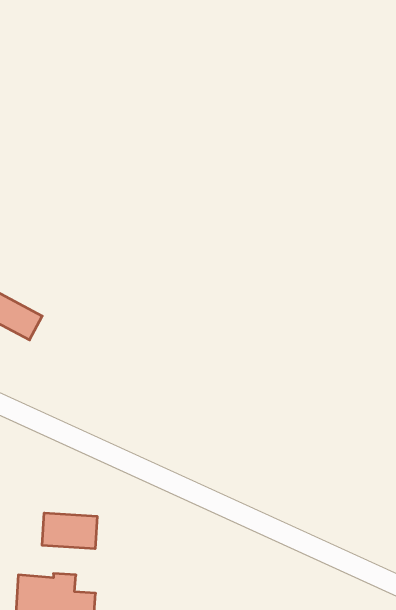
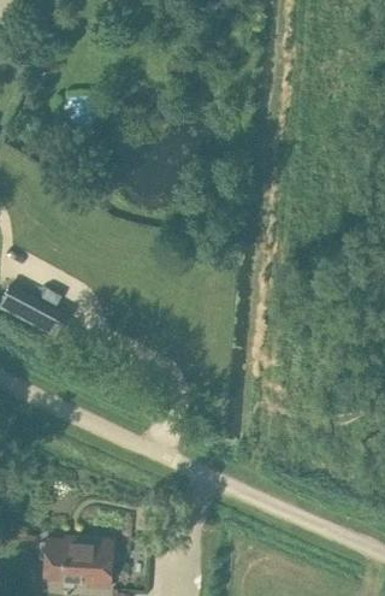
building: [42,513,97,549] -> none

